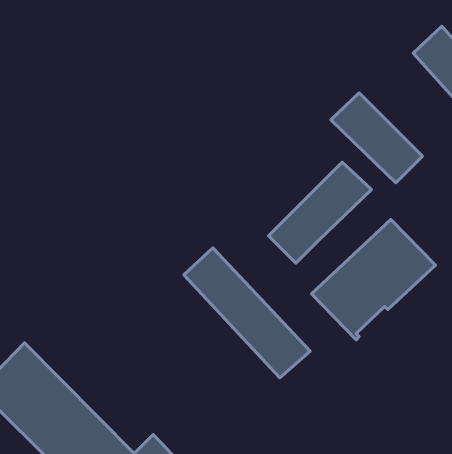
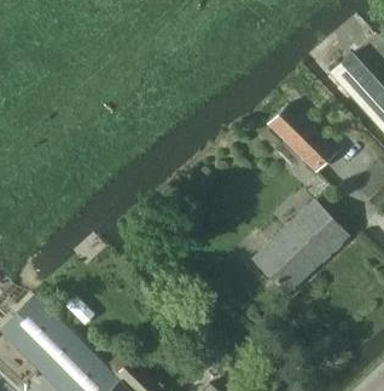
building: [269,162,371,263] -> none
building: [184,248,310,378] -> none

